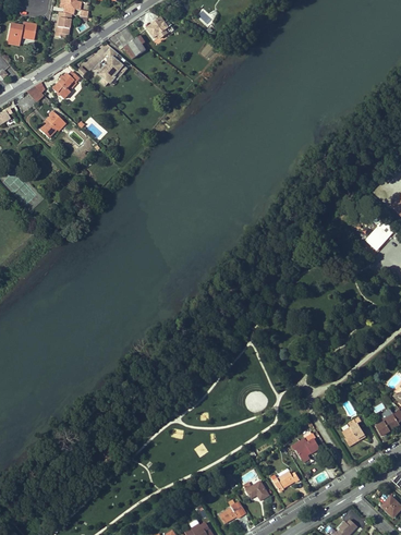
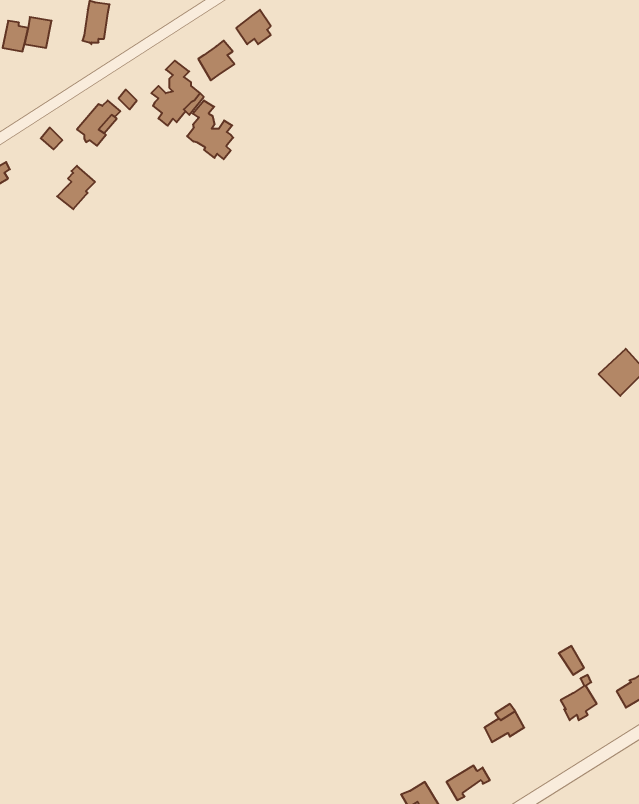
building: none -> [187,100,233,159]

